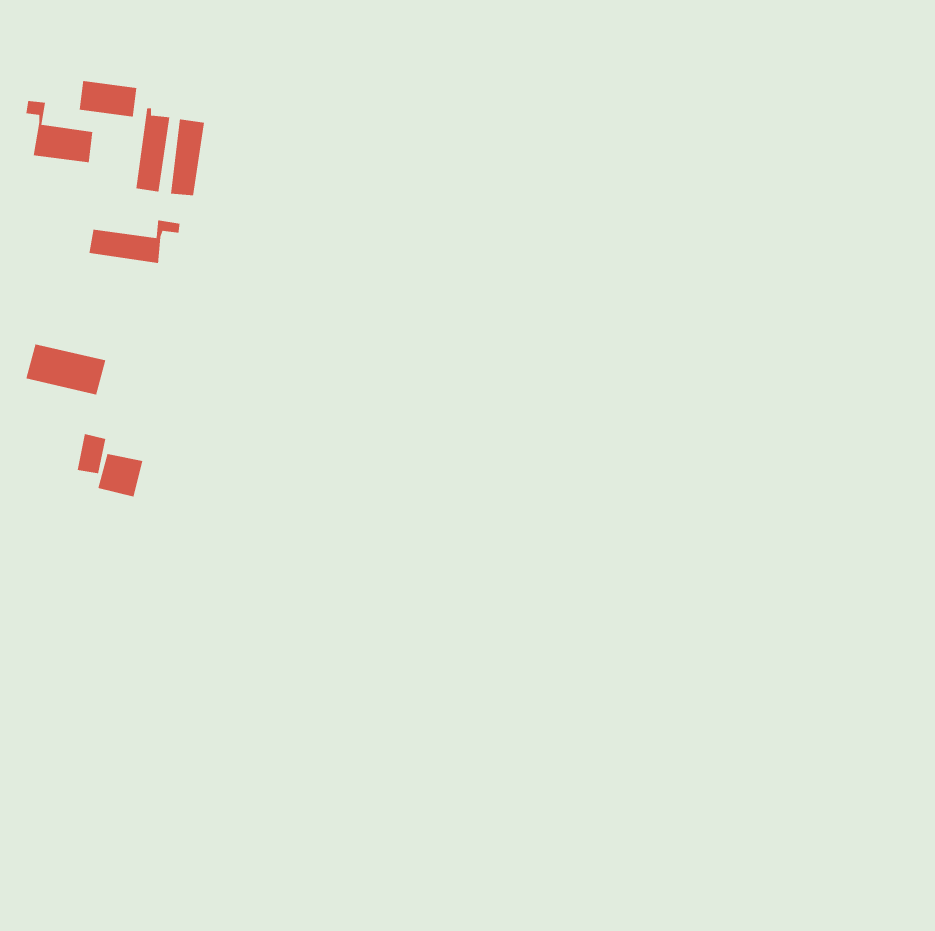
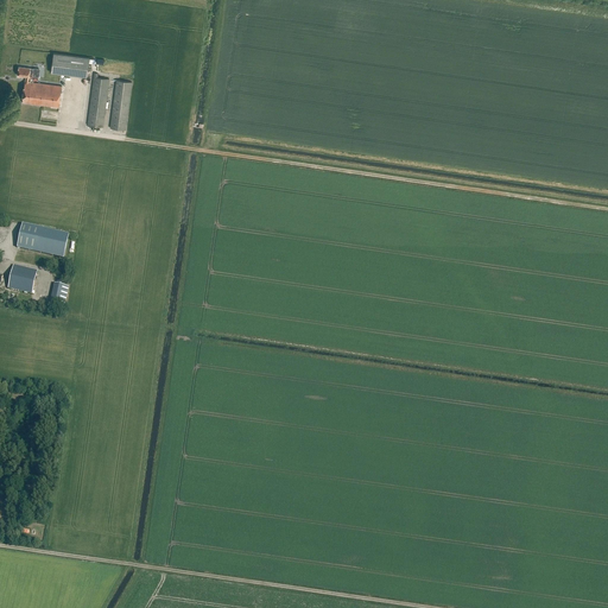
building: [89,220,180,264] -> none
building: [98,453,143,497] -> [7,264,37,292]

